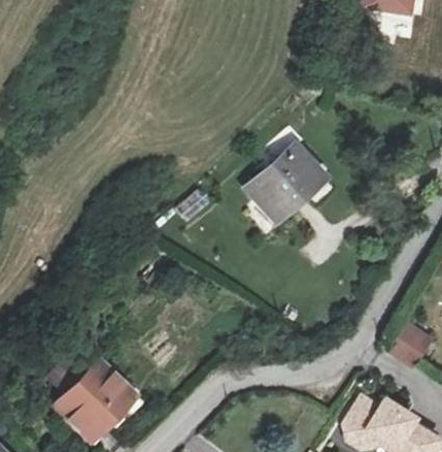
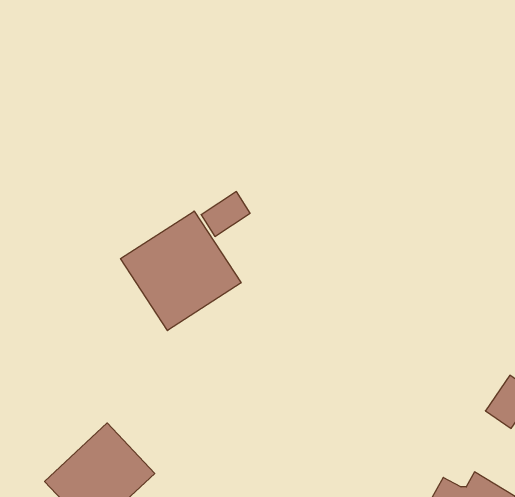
building: [249,143,325,216] -> none
building: none -> [121,211,241,331]

